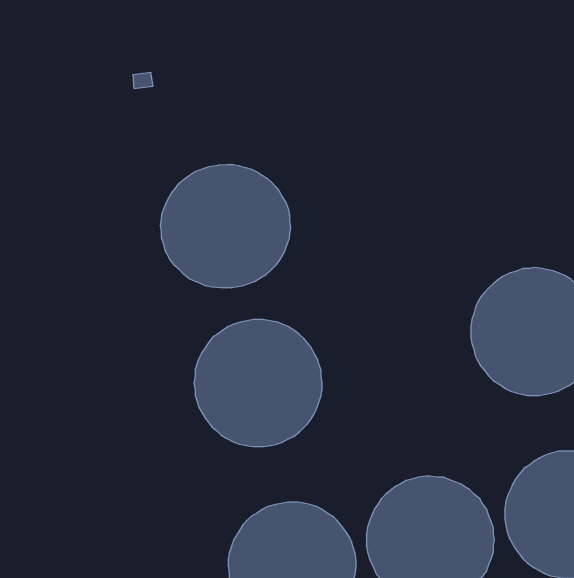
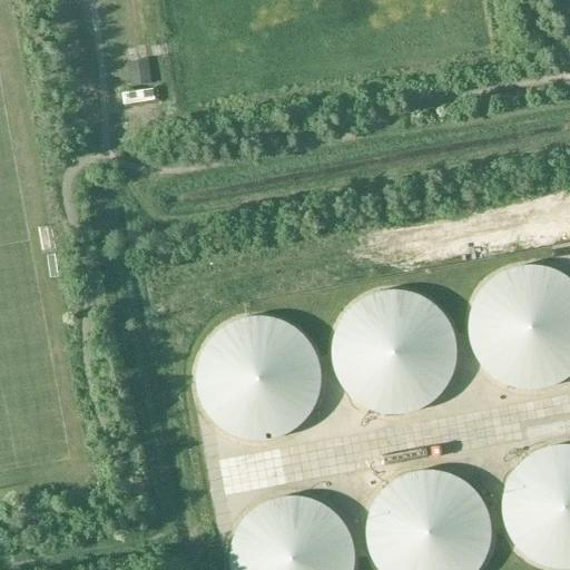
building: [160,164,291,288] -> none
building: none -> [332,289,458,415]

